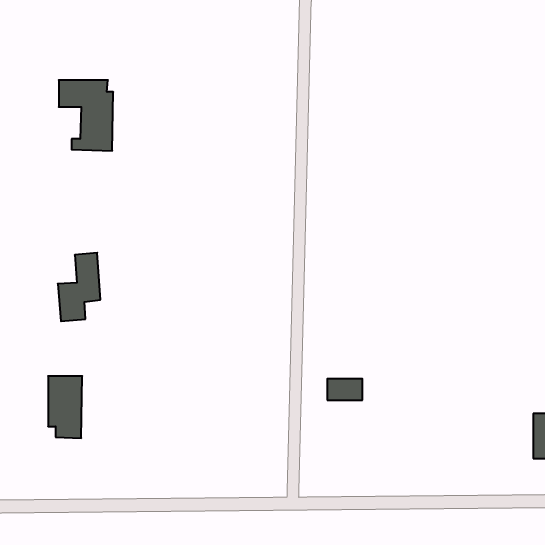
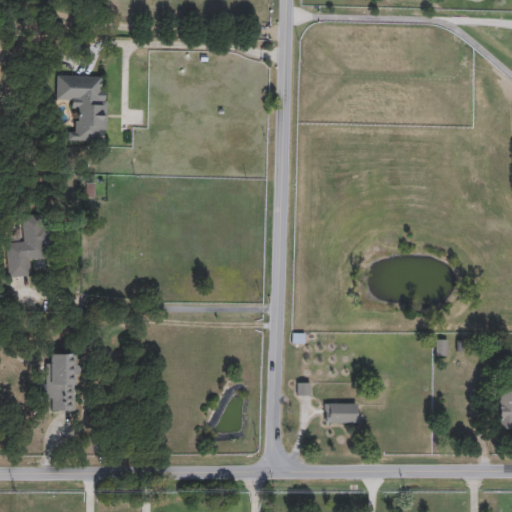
building: [58,253,100,321] -> [6,214,46,278]
building: [327,379,362,400] -> [325,404,358,424]

